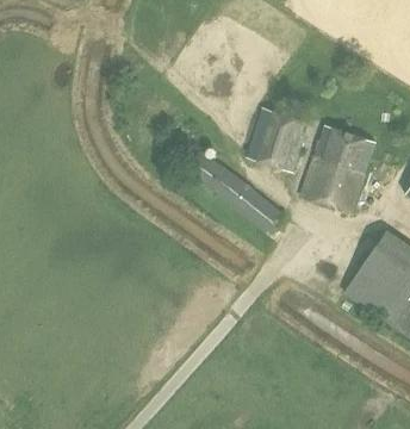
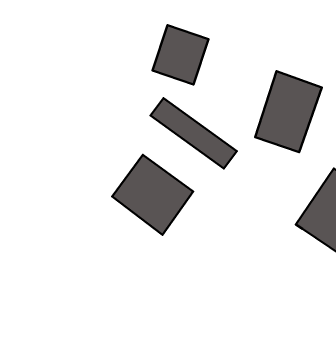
building: [244,105,306,170] -> [152,25,209,85]
building: none -> [112,155,193,235]

